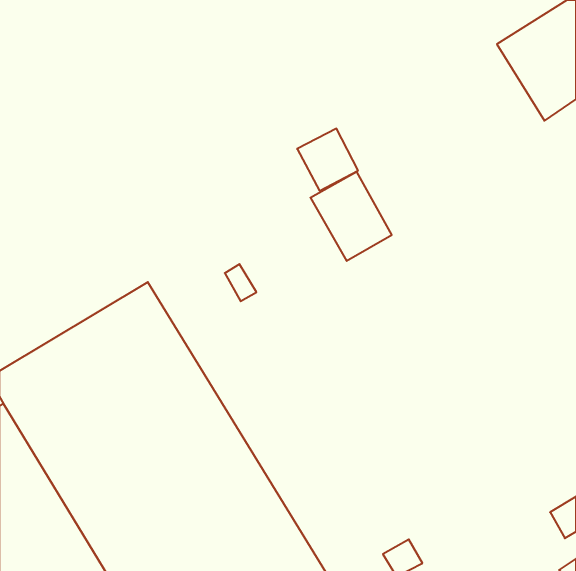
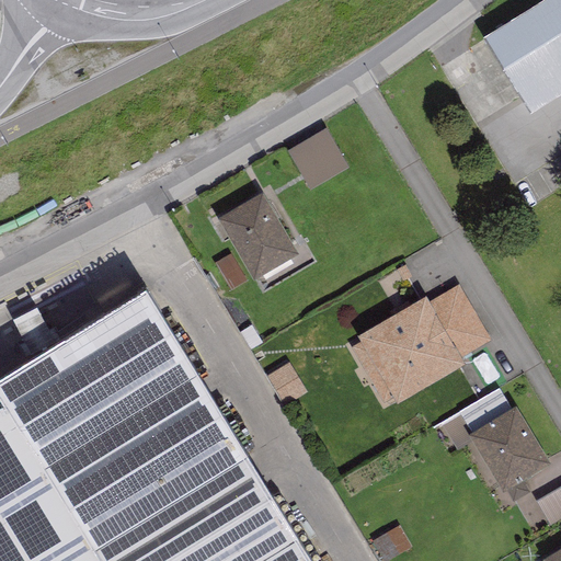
building: [310,172,392,261] -> [218,193,297,279]
building: none -> [350,286,490,407]
building: none -> [439,391,549,504]

